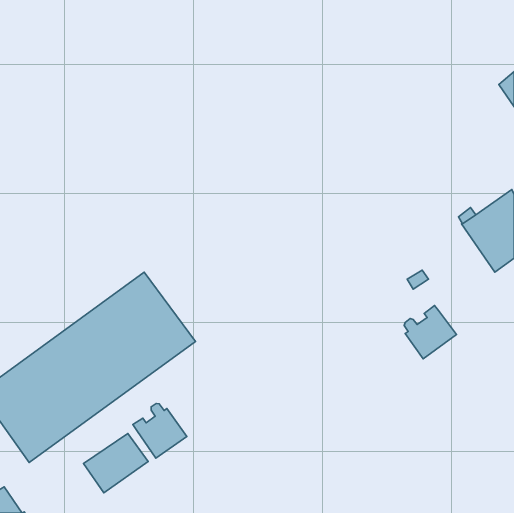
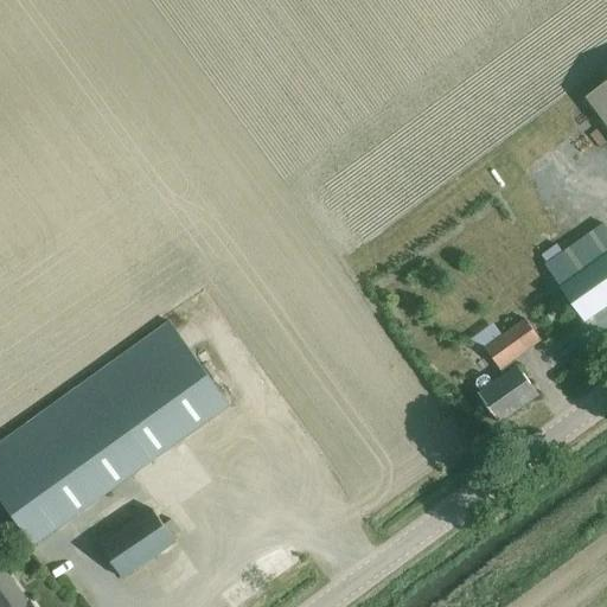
building: none -> [484,318,539,369]
building: [133,404,187,458] -> none

